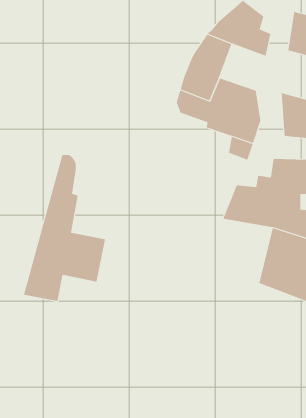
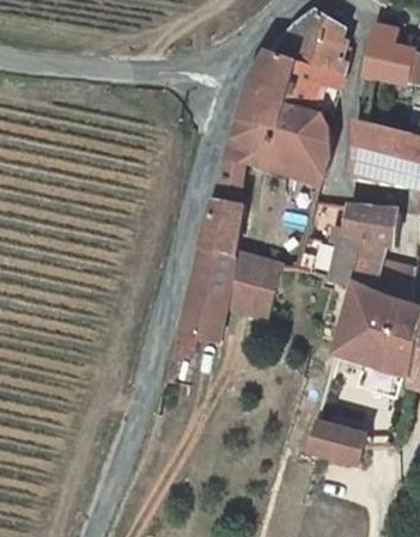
building: none -> [286,61,343,118]
building: [23,155,106,302] -> [176,161,278,342]
building: none -> [309,423,369,468]

